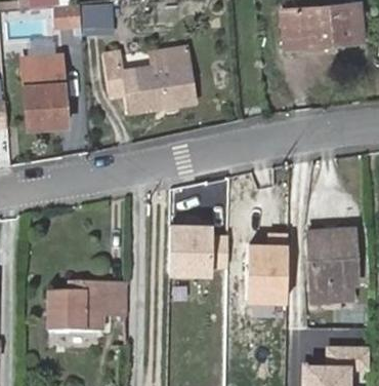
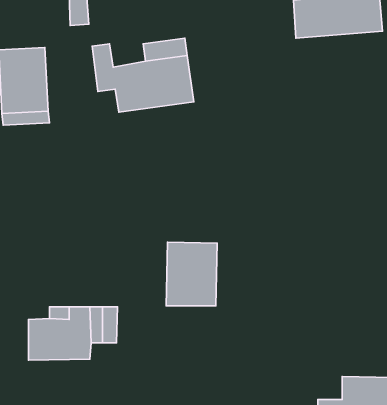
building: [310,229,356,301] -> none
building: [247,243,290,306] -> none

